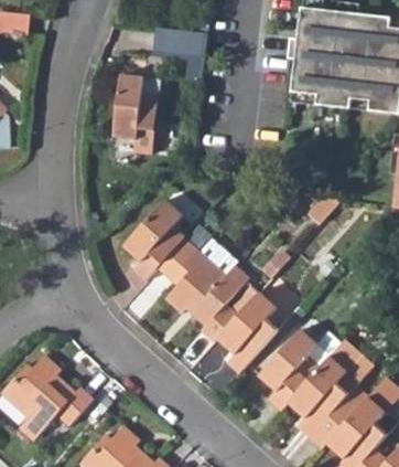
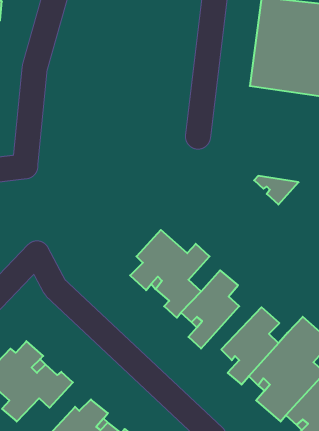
building: [157,25,209,59] -> none
building: [112,74,159,153] -> none
building: [122,200,196,282] -> none

